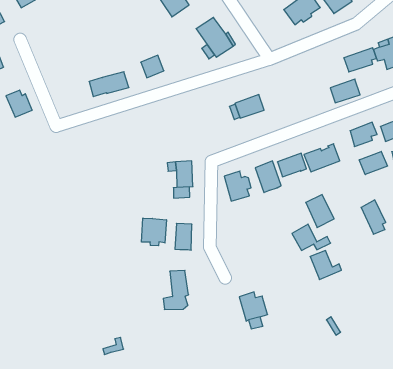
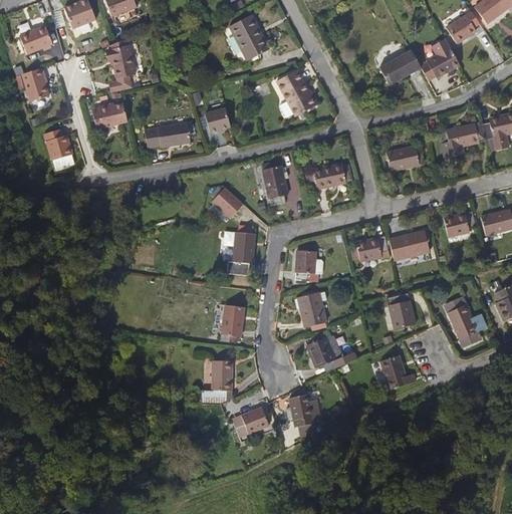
building: none -> [107,39,137,91]
building: none -> [93,101,130,127]
building: [330,79,360,103] -> [385,146,419,171]
building: none -> [262,166,286,206]
building: none -> [212,186,243,217]
building: [359,151,387,175] -> none
building: [255,161,281,193] -> [296,293,324,329]
building: [142,218,166,246] -> none
building: [292,224,331,250] -> [307,337,351,368]
building: none -> [236,409,271,435]

